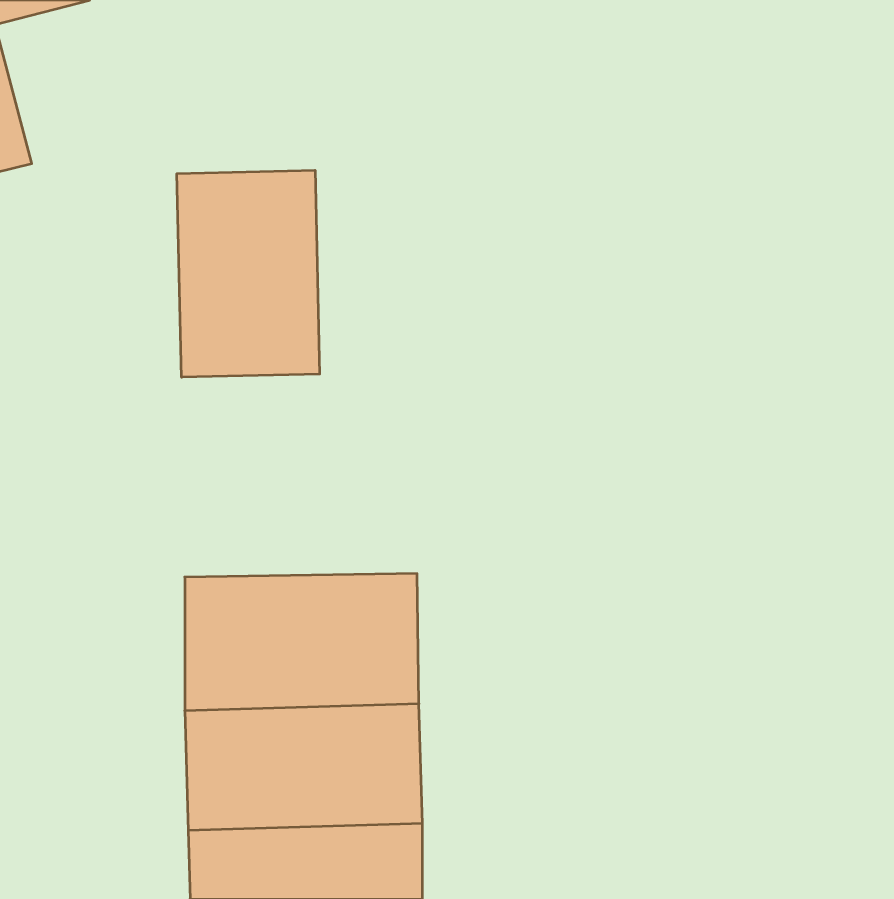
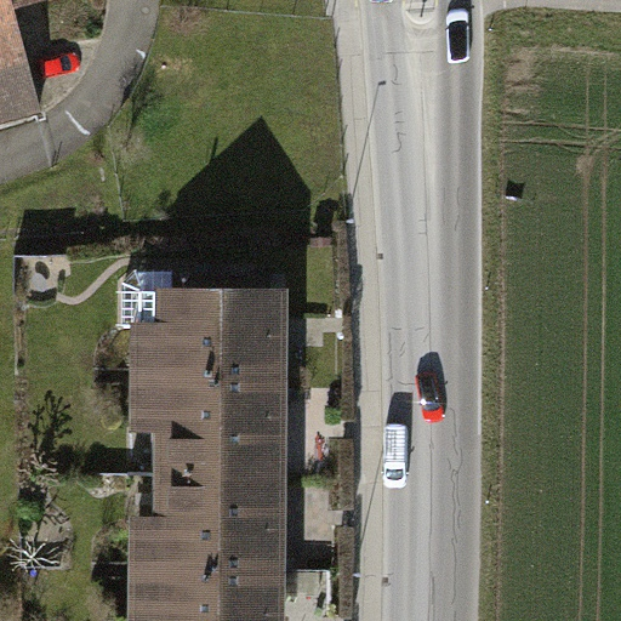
building: [177,170,320,377] -> none
building: none -> [125,291,287,398]

